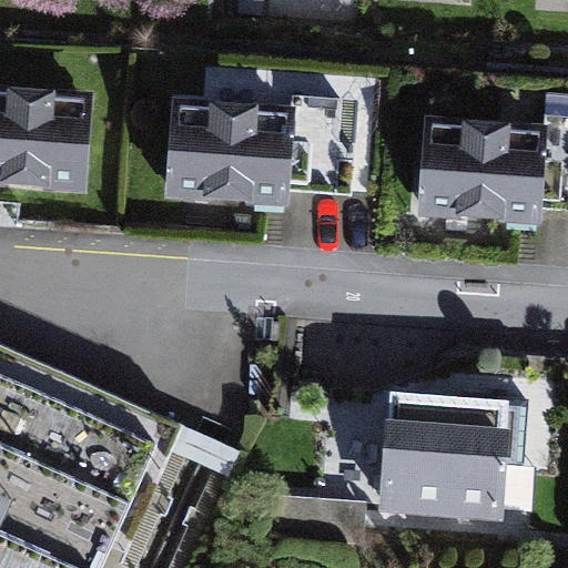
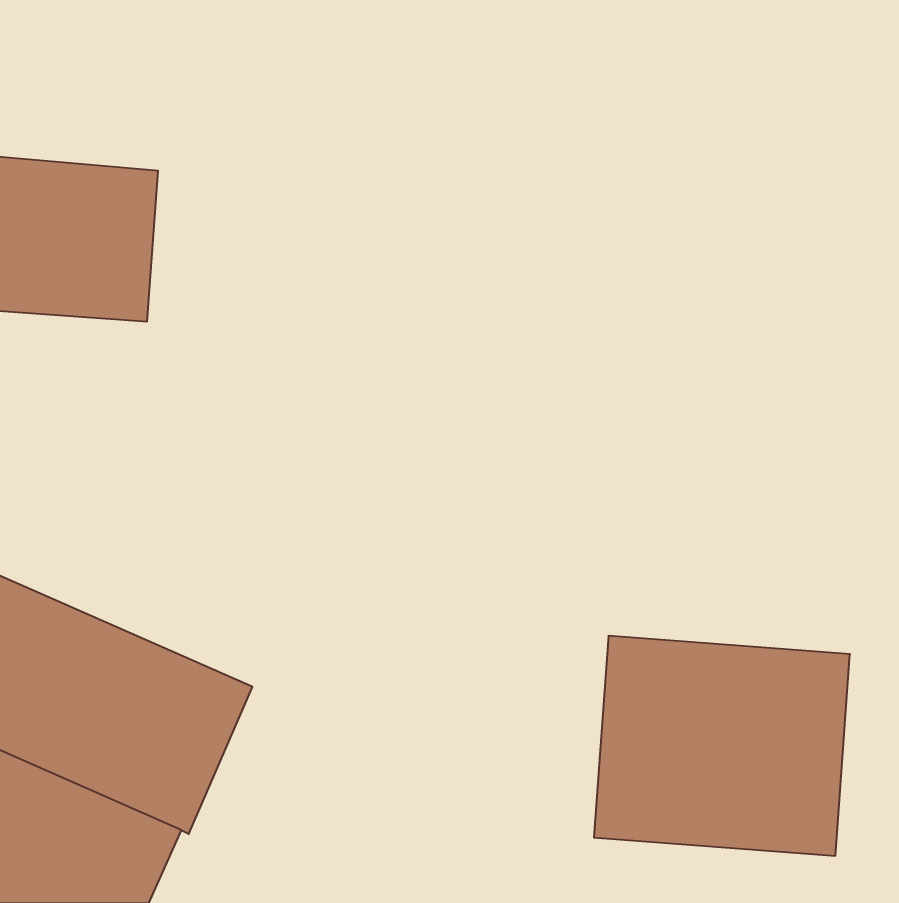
building: [162,100,300,202] -> none
building: [406,118,544,220] -> none

